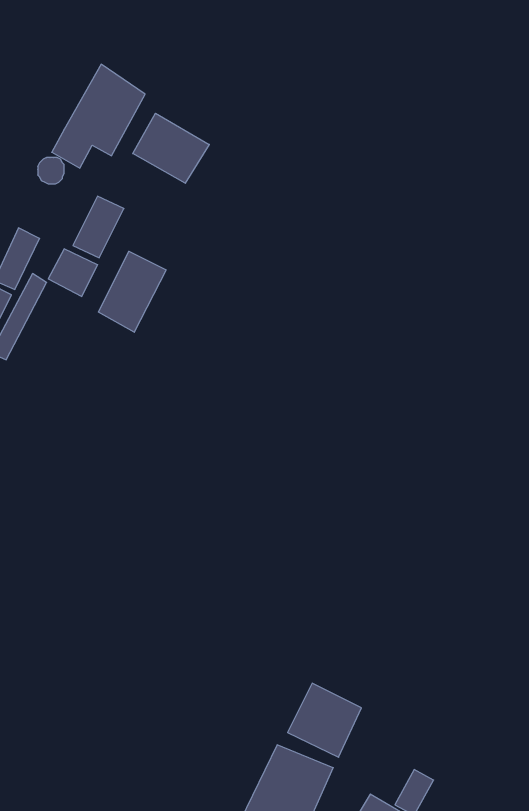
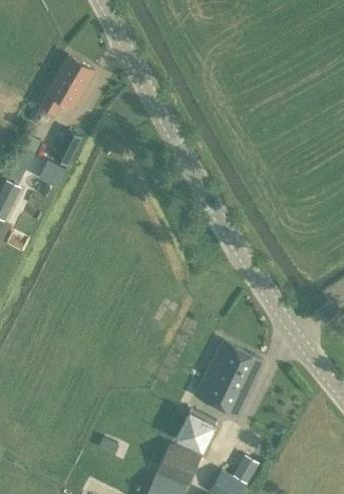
building: [133,113,209,183] -> none
building: [98,251,166,332] -> none
building: none -> [195,341,266,416]

